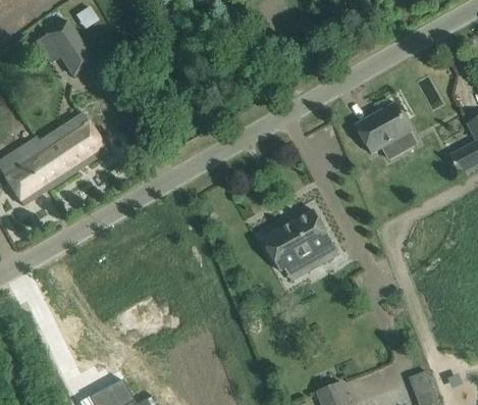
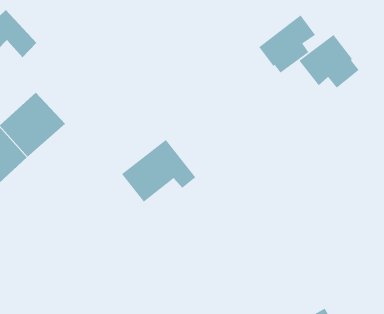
building: none -> [258,14,316,73]
building: [263,209,339,270] -> [121,139,196,202]

